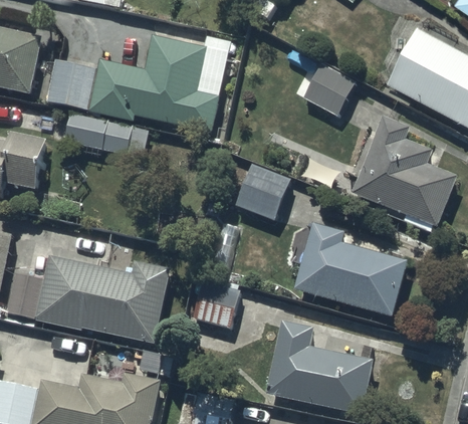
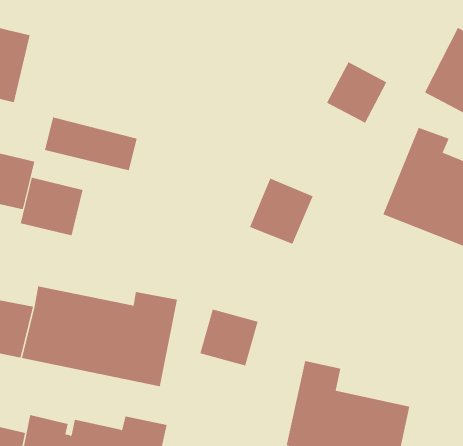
building: [45,33,220,134] -> none
building: none -> [20,177,83,236]
building: [292,223,407,319] -> none

